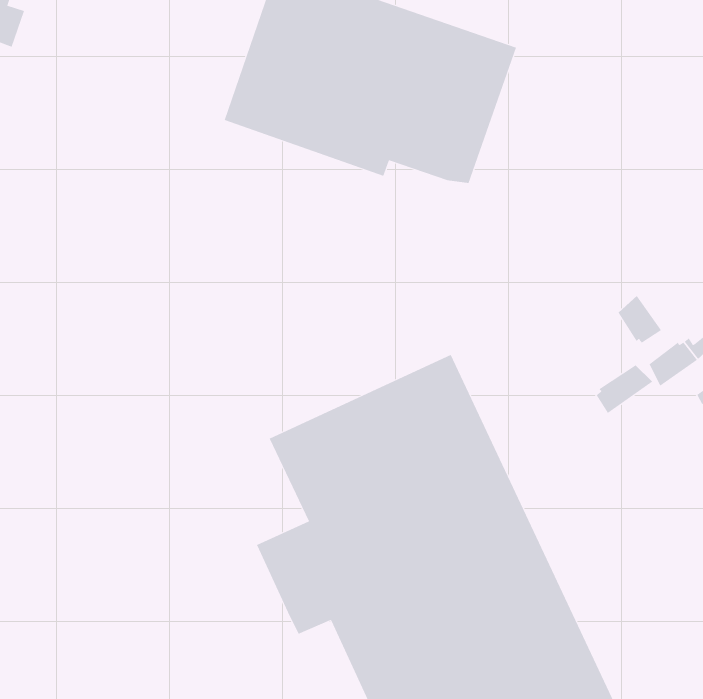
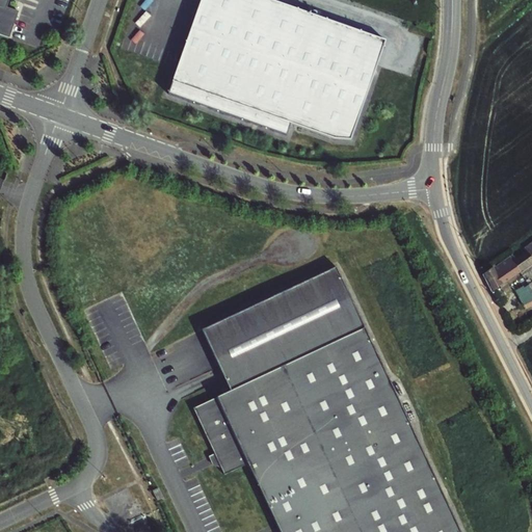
building: [618,295,662,343] -> none
building: [596,365,653,414] -> none

